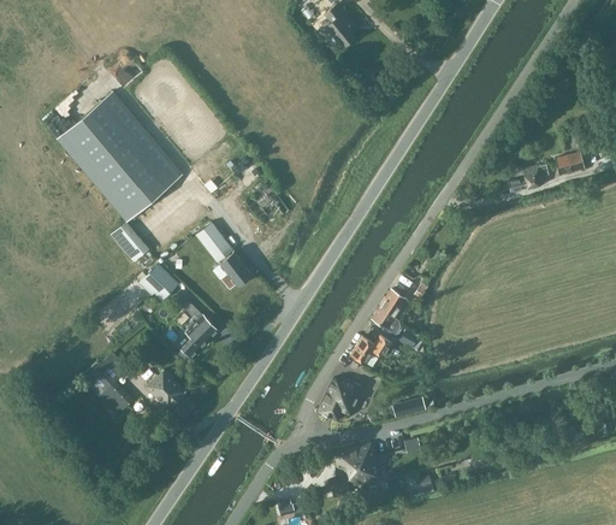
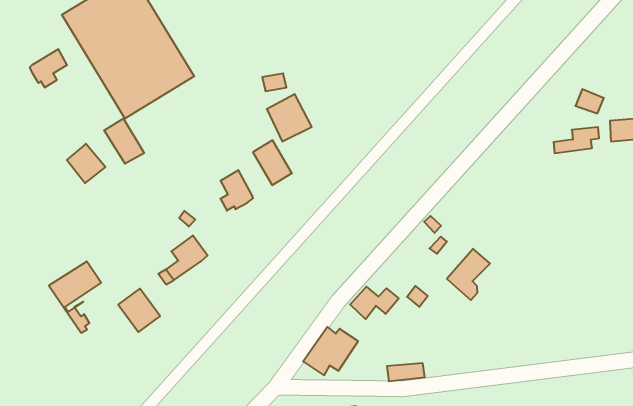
building: none -> [30,49,67,88]
building: [196,223,233,262] -> [253,140,292,185]
building: [143,265,178,300] -> [67,144,105,183]
building: [372,289,408,335] -> [447,249,490,300]

